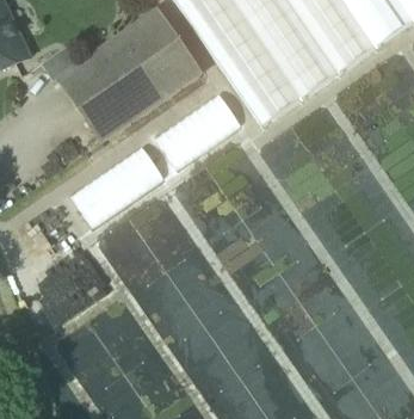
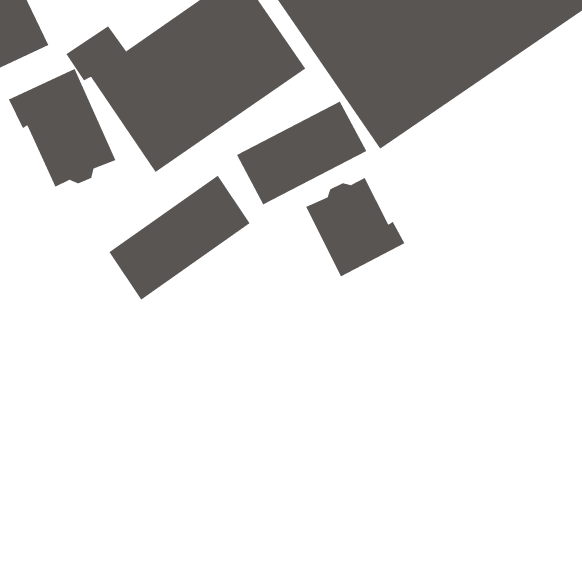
building: none -> [8,68,116,187]
building: none -> [306,177,405,277]

